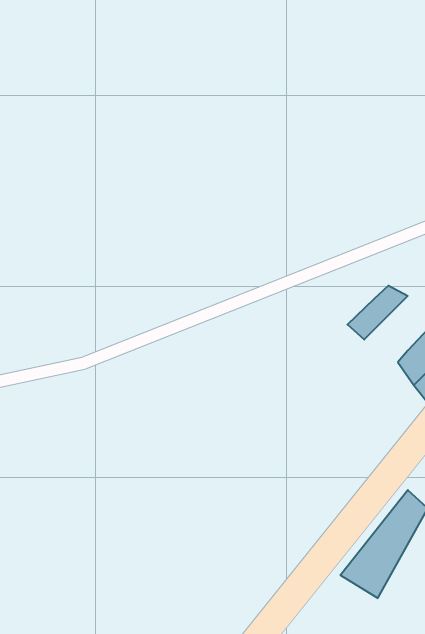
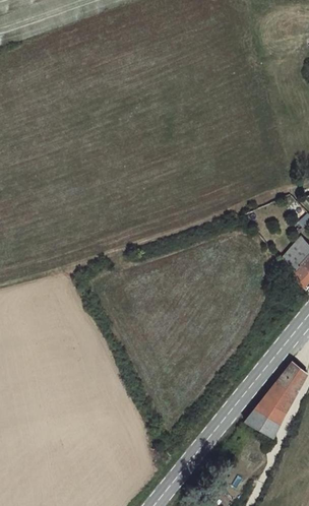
building: [347,286,408,340] -> none

